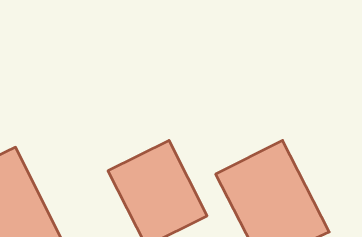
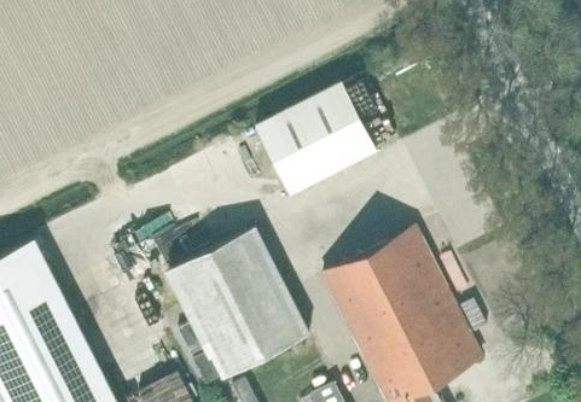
building: none -> [256,83,377,196]

